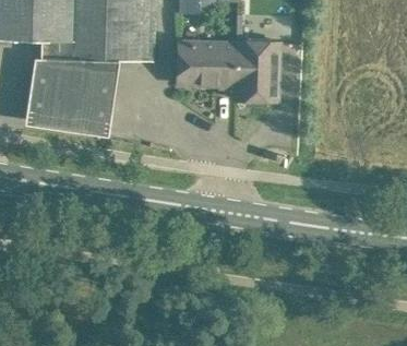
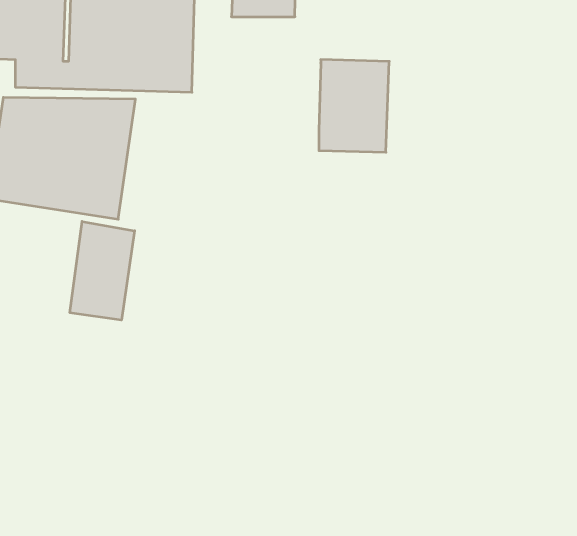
building: [177,40,235,85] -> none
building: none -> [70,221,135,320]

